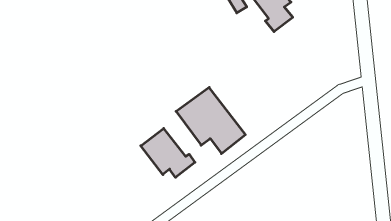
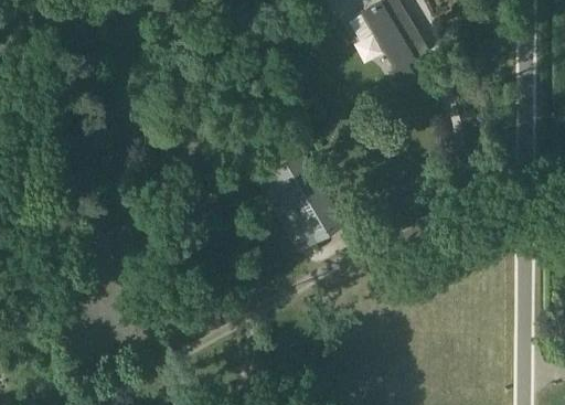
building: [141,128,195,177] -> none

